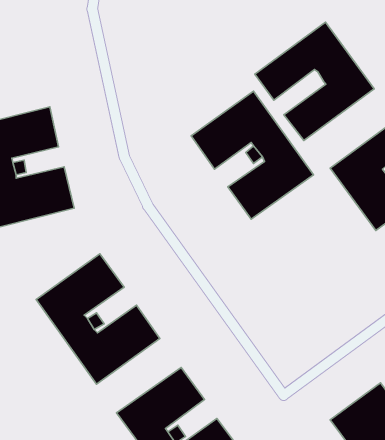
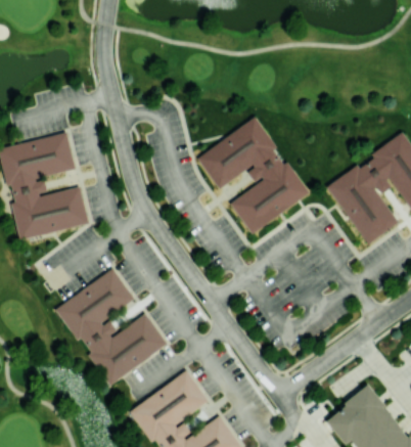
building: [255,22,374,141] -> none

